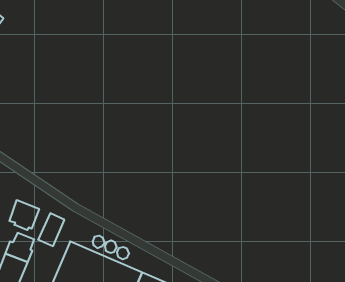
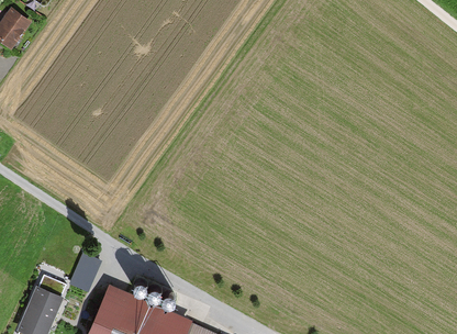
building: [9,200,39,230] -> none

